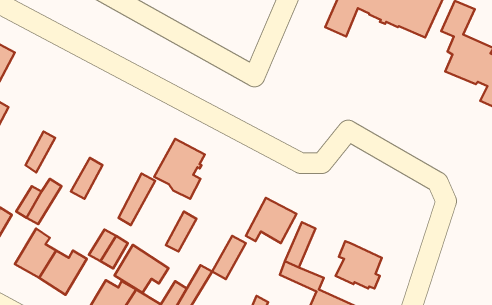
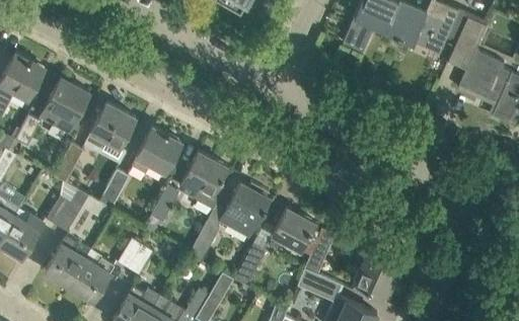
building: none -> [41,77,89,132]
building: none -> [85,102,135,150]
building: none -> [131,127,181,173]
building: none -> [219,182,270,237]
building: [115,245,168,293] -> none

